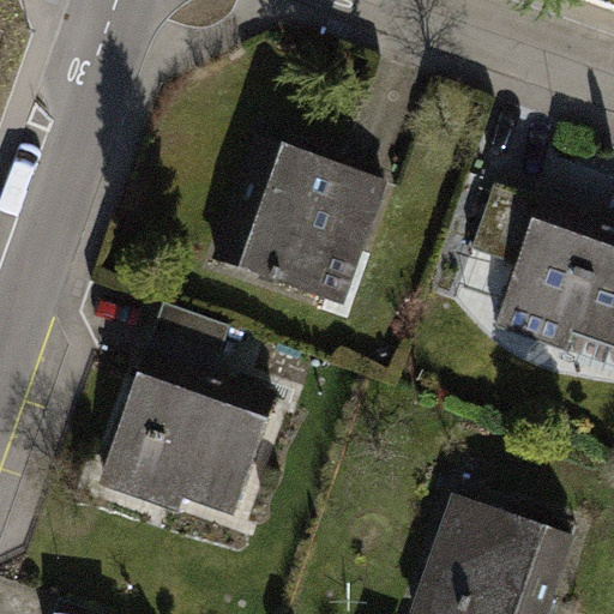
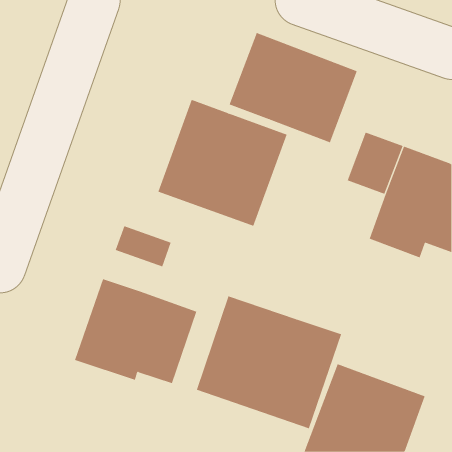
building: none -> [229,32,357,143]
building: none -> [196,296,342,429]

